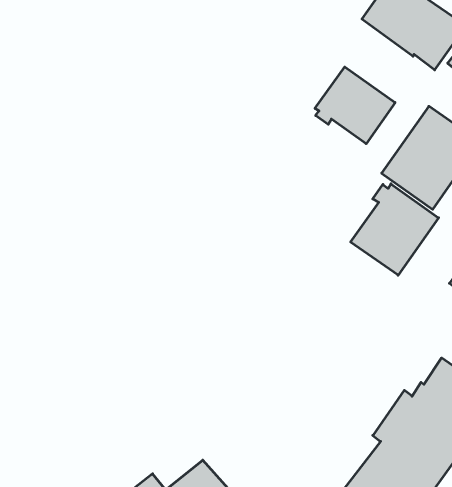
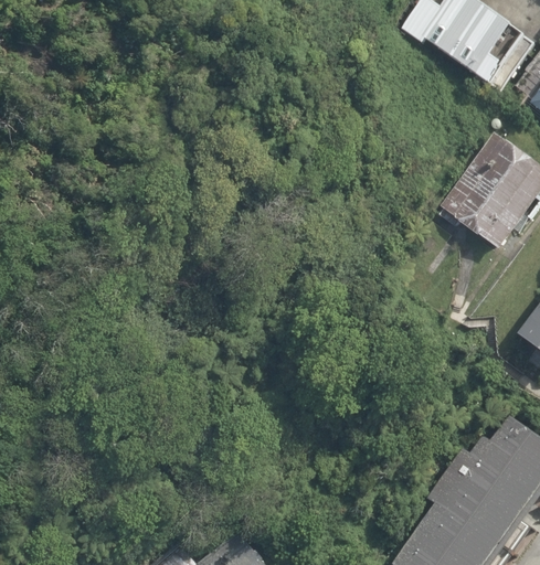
building: [315,67,395,144] -> none
building: [351,184,439,275] -> none

